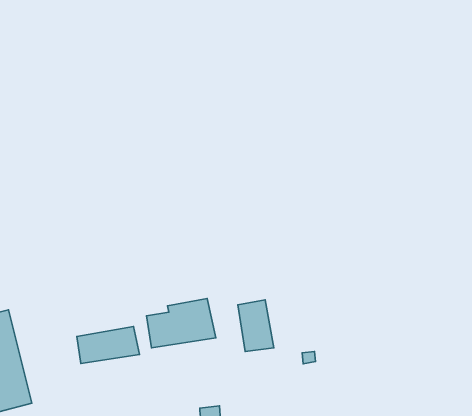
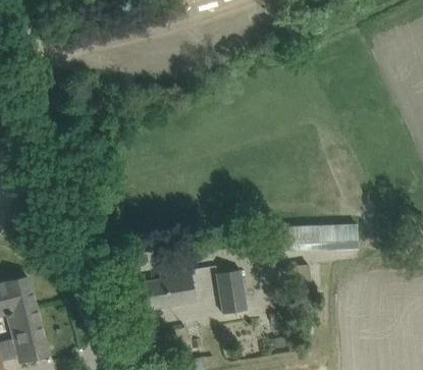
building: none -> [287,223,358,246]
building: [77,327,140,363] -> none

